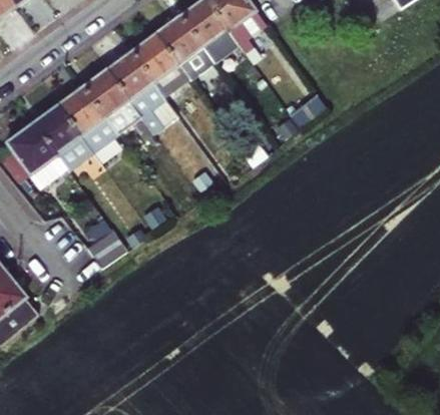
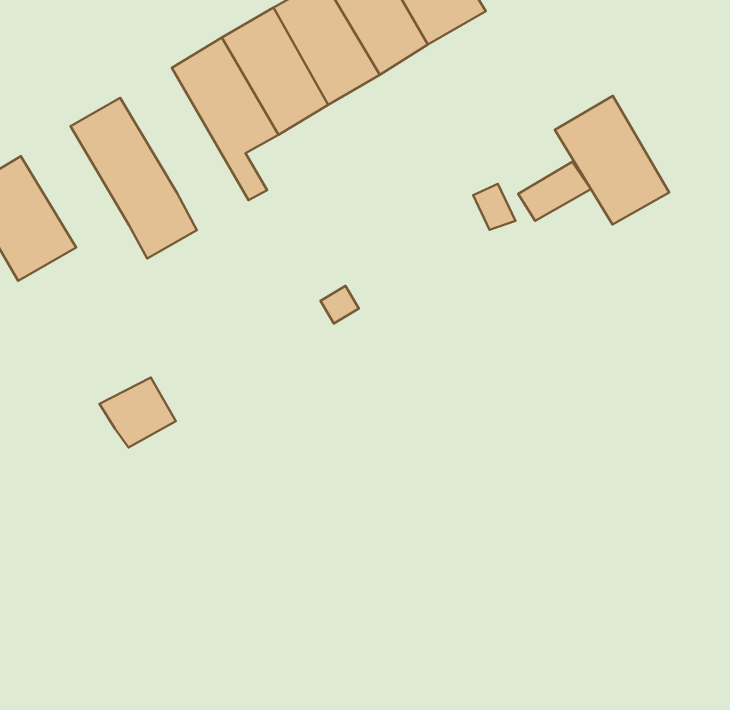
building: none -> [555,96,669,225]
building: [82,68,153,139] -> none
building: [34,103,93,169] -> none

